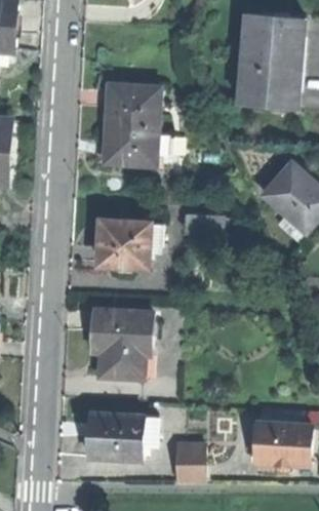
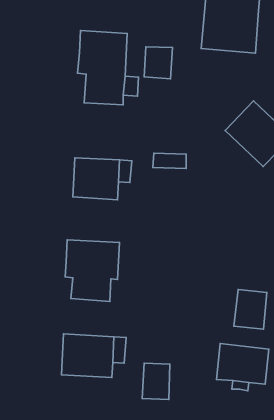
building: none -> [144,47,173,79]
building: none -> [234,289,267,329]

